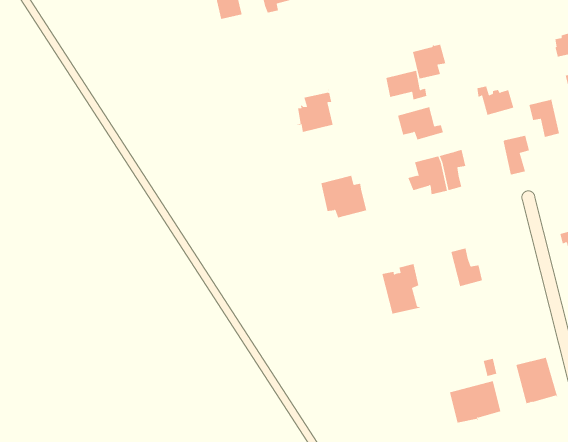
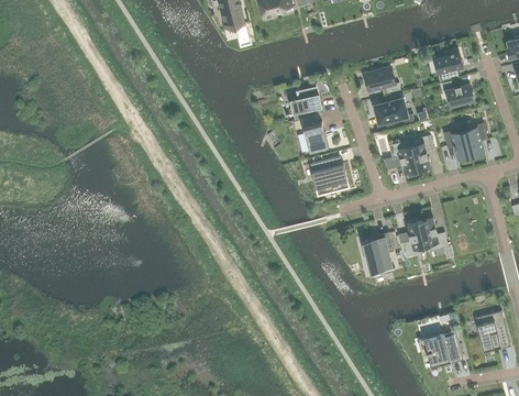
building: [412,44,446,79] -> [433,51,462,80]
building: [529,98,560,137] -> [443,127,470,160]
building: none -> [302,121,328,152]
building: none -> [397,221,427,255]

